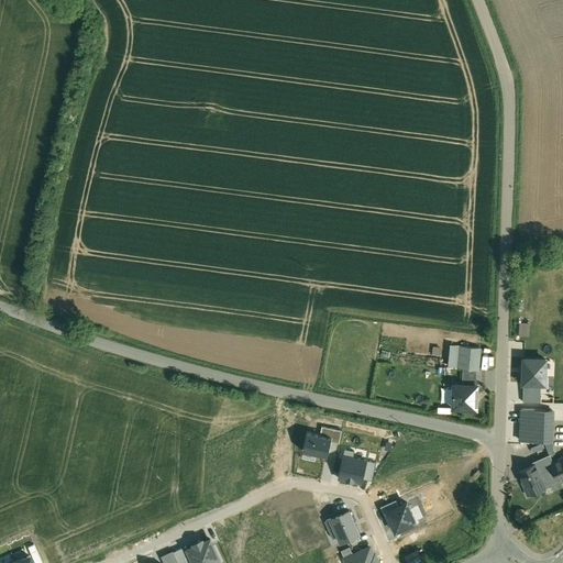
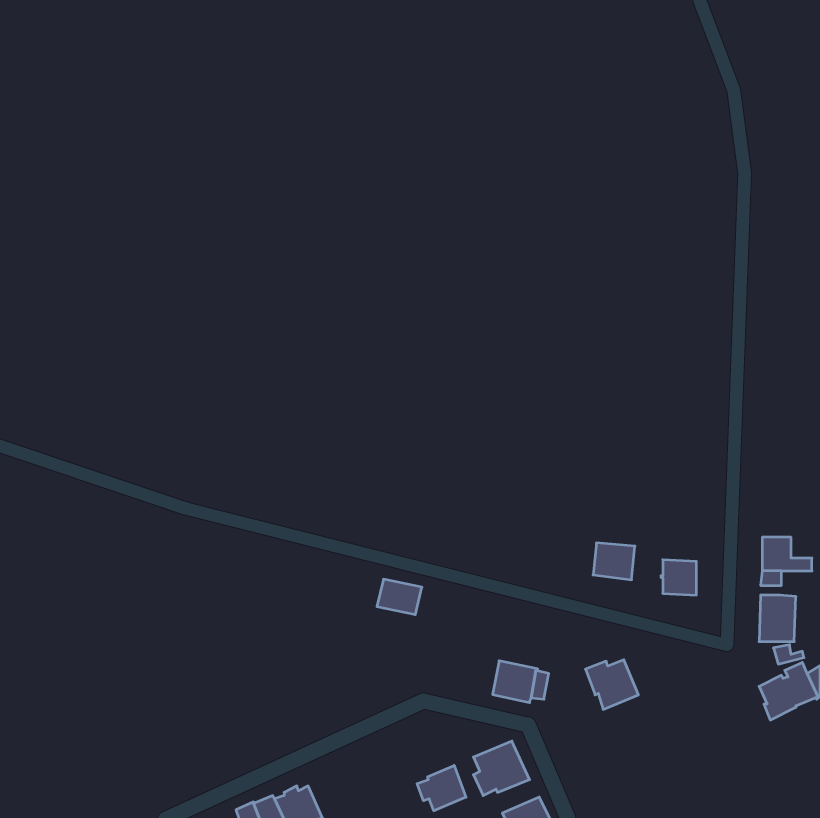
building: [451,345,479,371] -> [593,543,635,580]
building: [302,432,333,456] -> [377,579,422,615]
building: [383,500,419,534] -> [585,660,638,709]
building: none -> [417,765,466,811]

